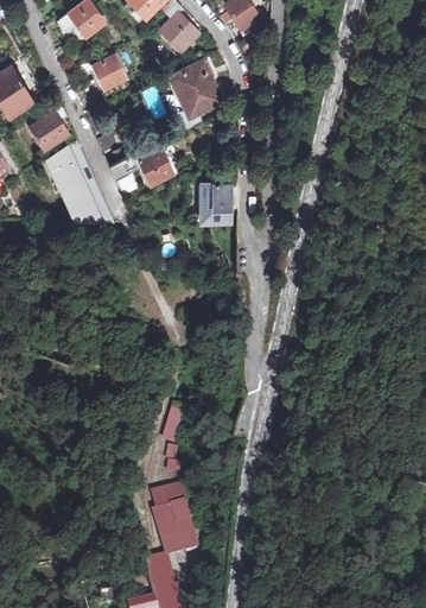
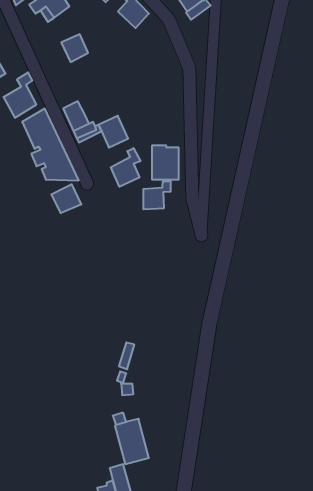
building: [173,61,221,127] -> none
building: none -> [111,148,140,187]
building: none -> [143,181,171,209]
building: none -> [51,184,81,213]

